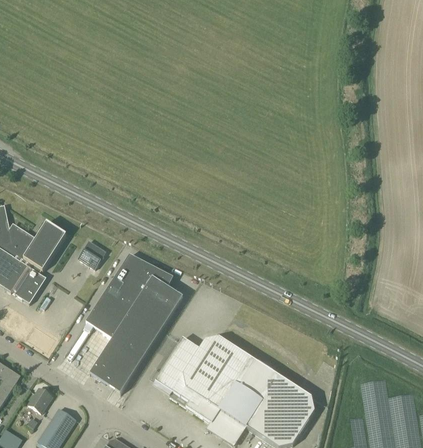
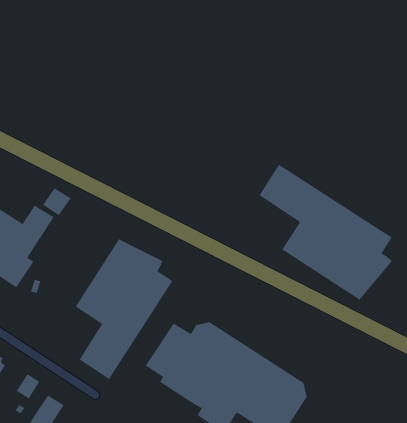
building: none -> [259,164,393,301]
building: [76,240,105,268] -> [42,187,71,216]

